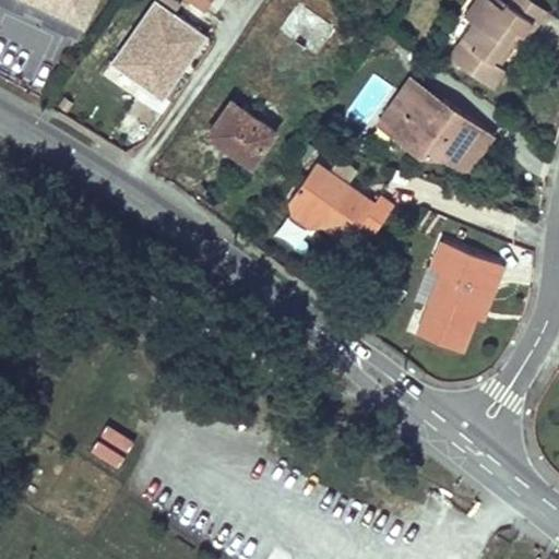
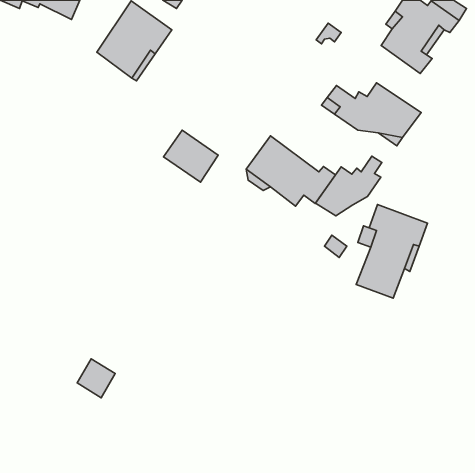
building: [395,79,442,118] -> none
building: [207,104,272,165] -> [163,130,218,182]
building: none -> [315,156,382,216]

